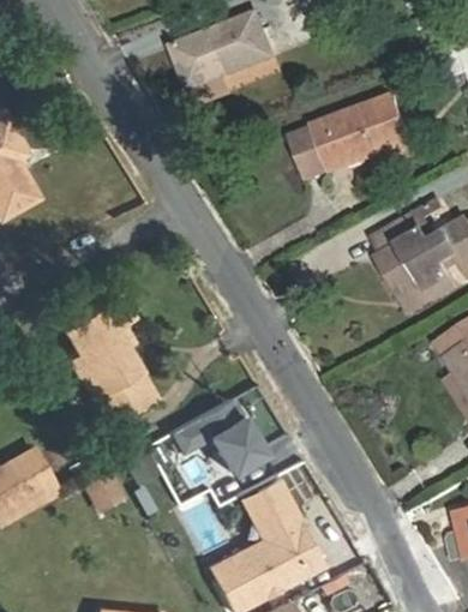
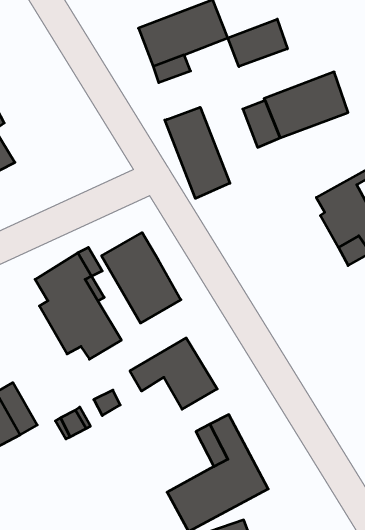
building: none -> [228,19,287,67]
building: none -> [165,107,230,198]
building: none -> [102,233,181,323]

